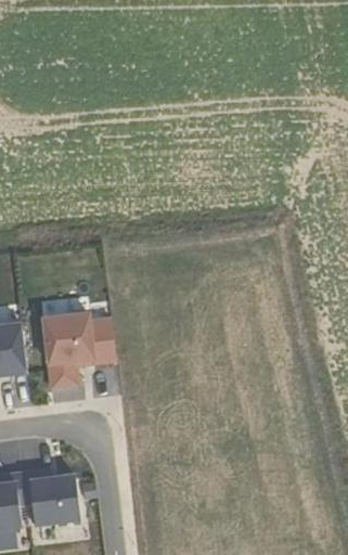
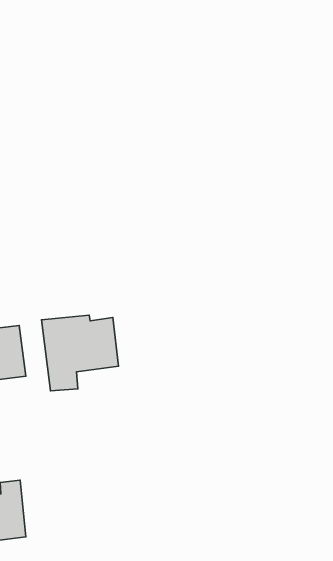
building: [21,469,78,526] -> none

